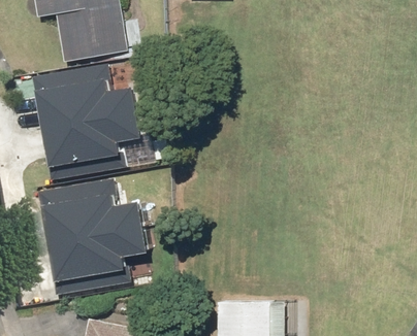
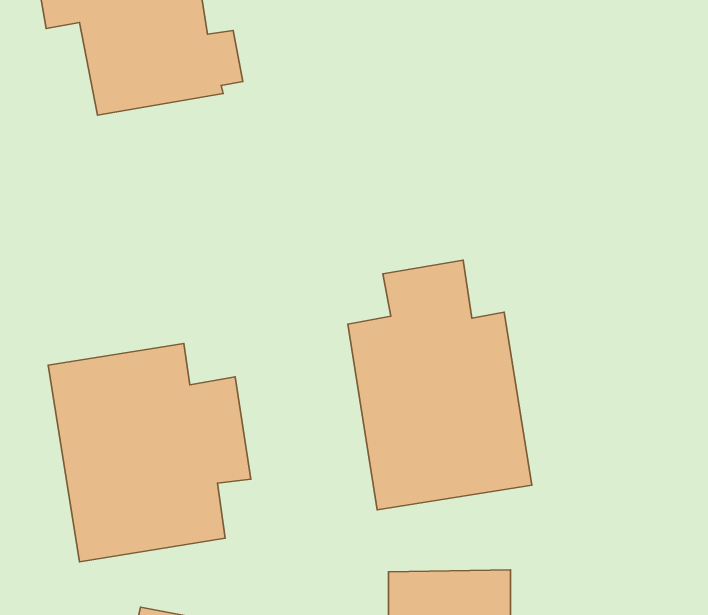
building: [30,64,137,179] -> none
building: none -> [348,260,532,510]

